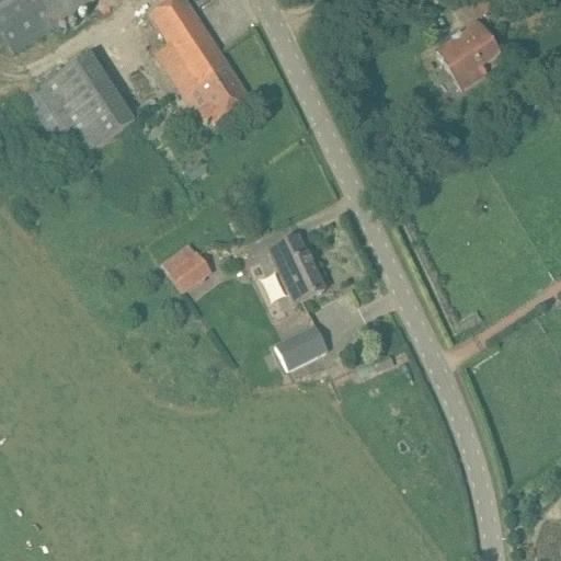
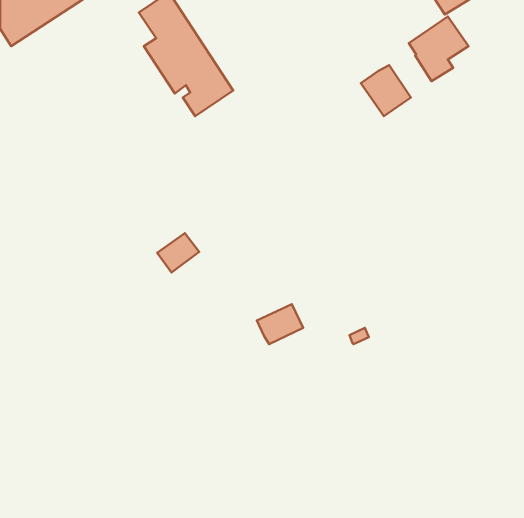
building: [26,51,135,160] -> none
building: none -> [361,65,411,116]
building: [267,232,325,302] -> none

